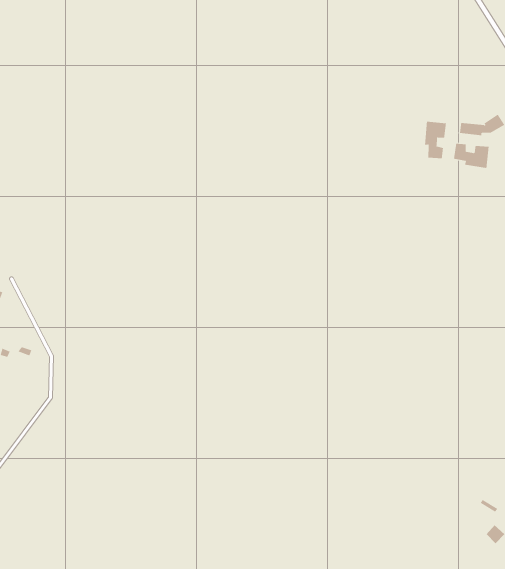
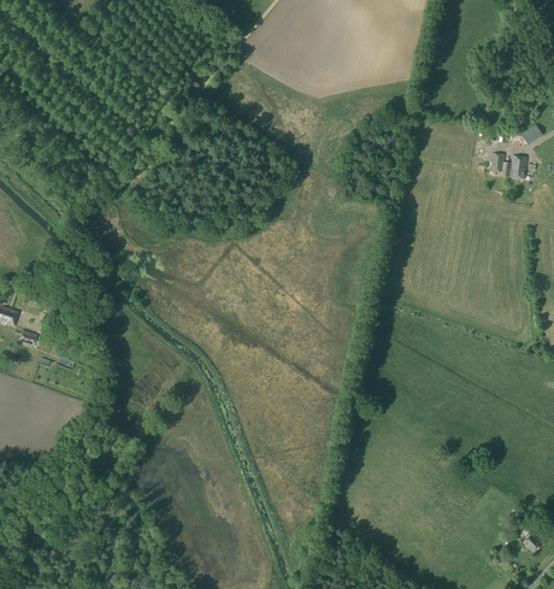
building: [425,121,446,159] -> none

